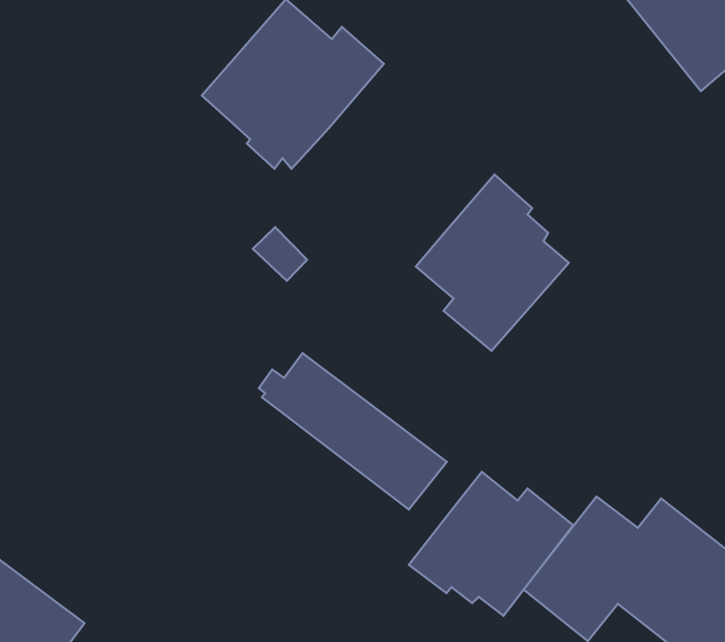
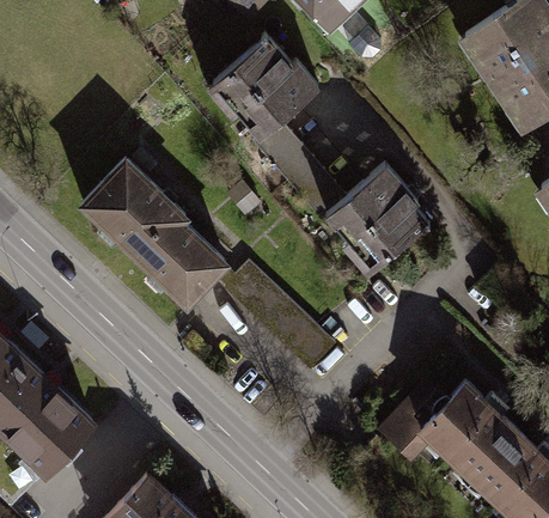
building: none -> [258,123,347,218]
building: none -> [80,159,228,309]
building: [409,472,573,616] -> none

